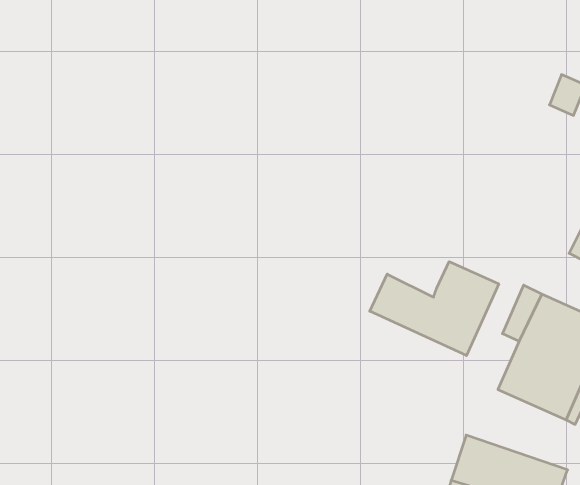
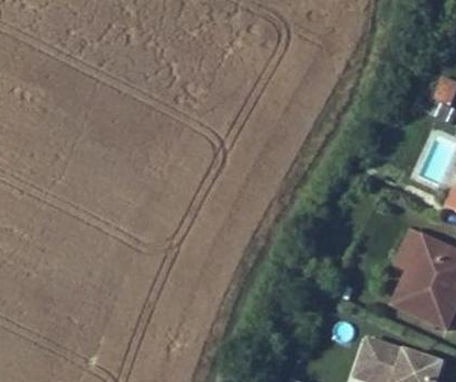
building: [370,262,499,356] -> none

